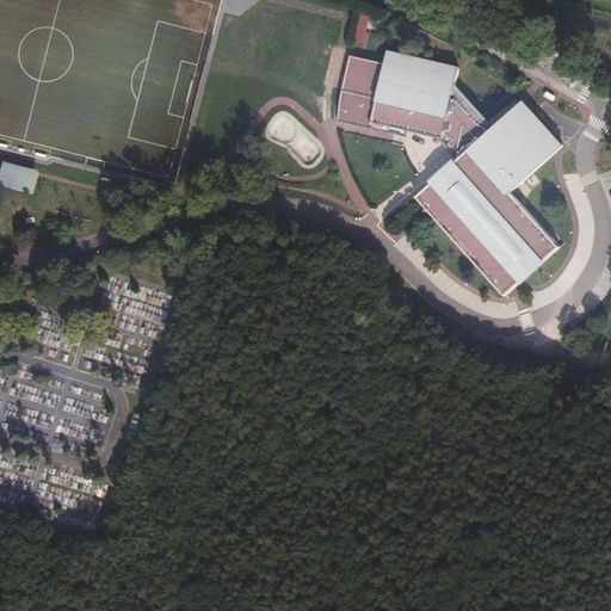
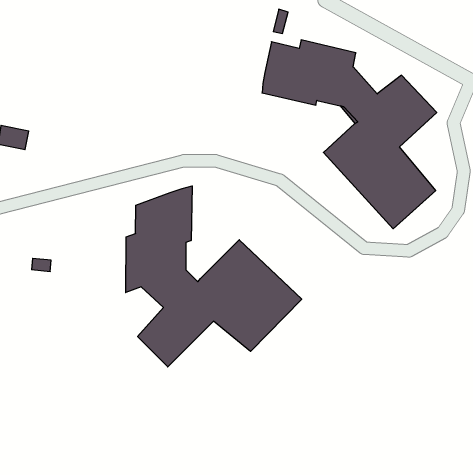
building: none -> [126,186,302,367]

